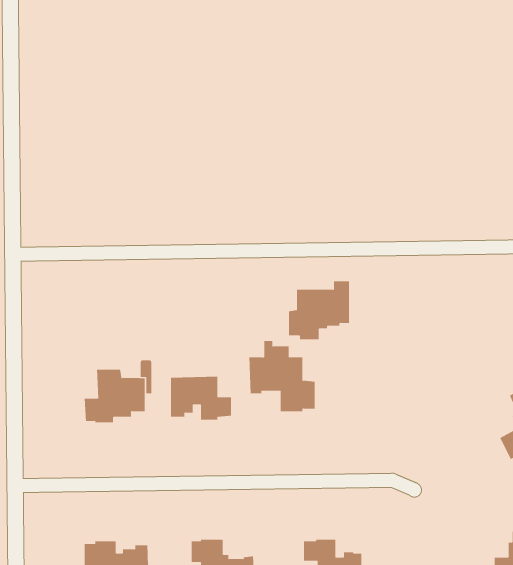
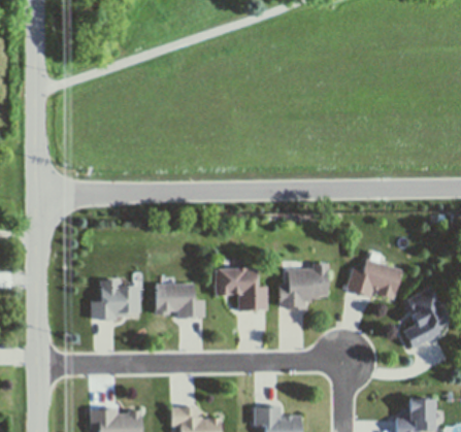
building: [288,281,350,340] -> [281,264,327,308]
building: none -> [347,258,402,298]

